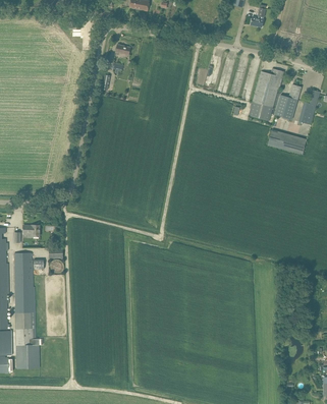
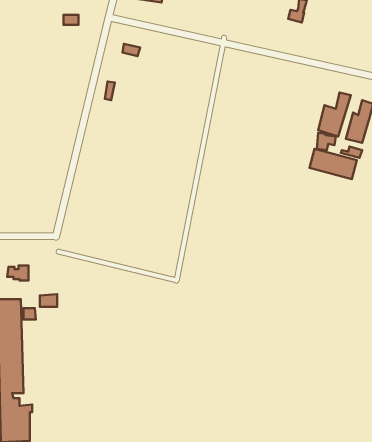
building: [249,68,283,120] -> none

